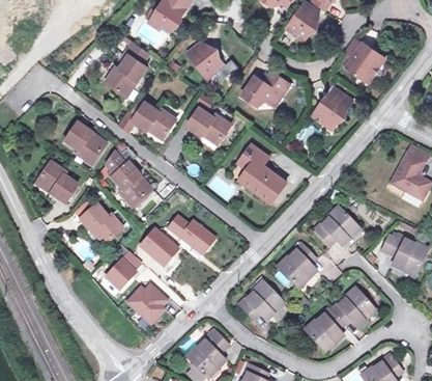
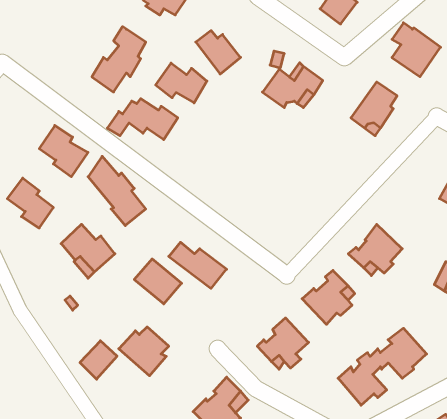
building: [188,105,229,137] -> [156,63,207,103]
building: [242,144,292,197] -> none
building: [105,260,135,291] -> [80,341,117,379]

